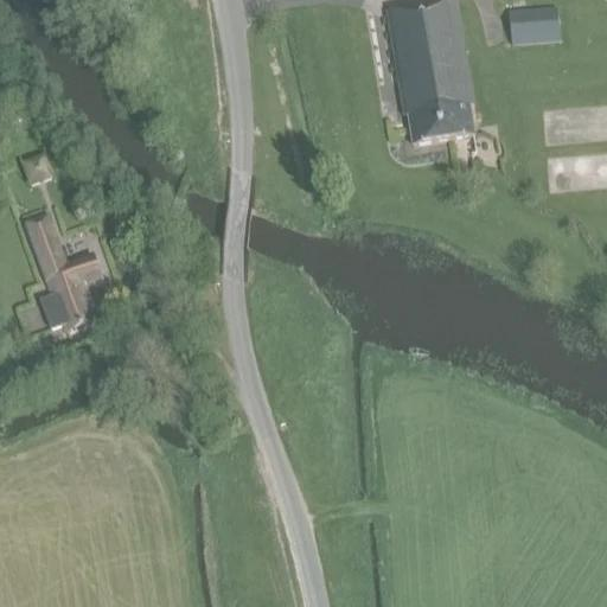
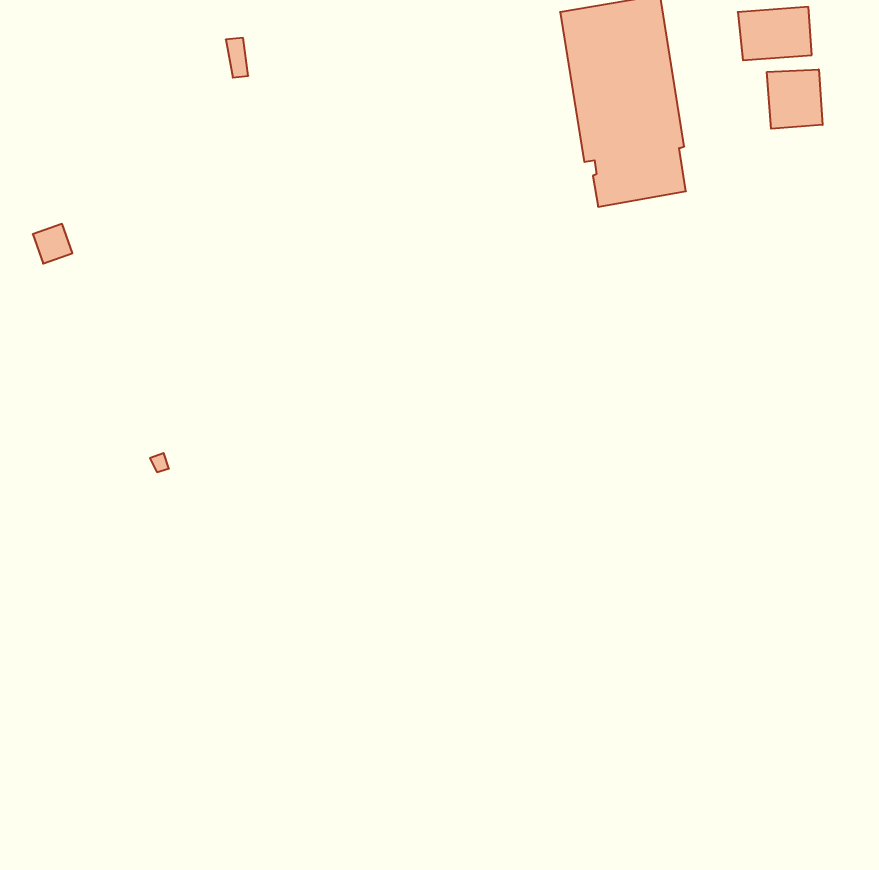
building: none -> [767,69,823,129]
building: [27,212,102,327] -> none

